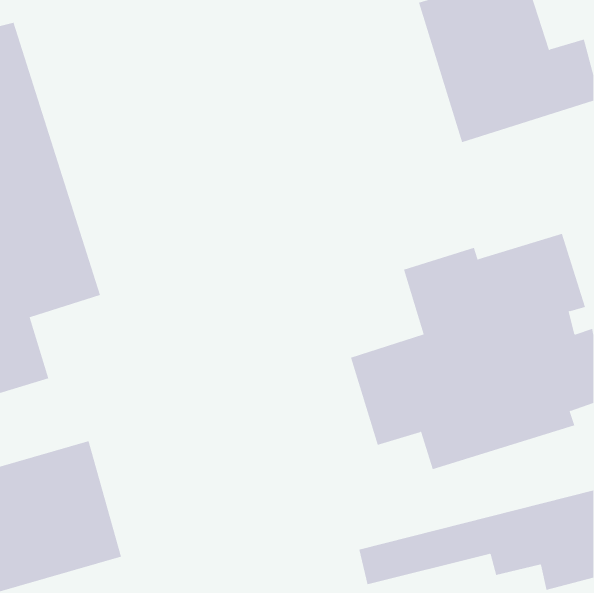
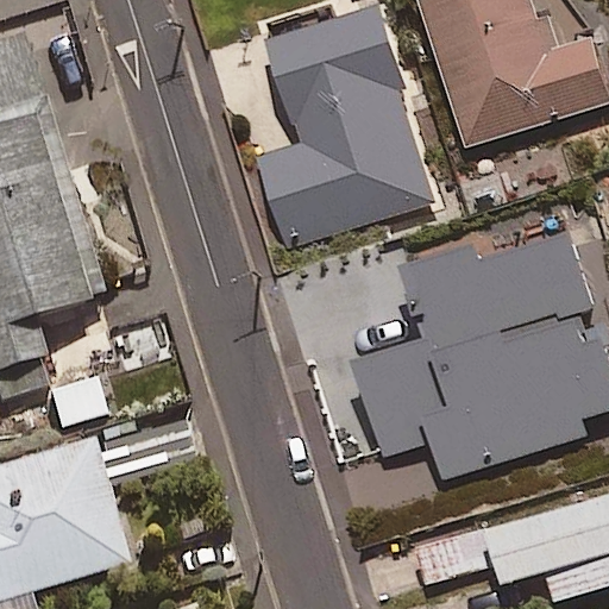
building: none -> [256,6,431,241]

